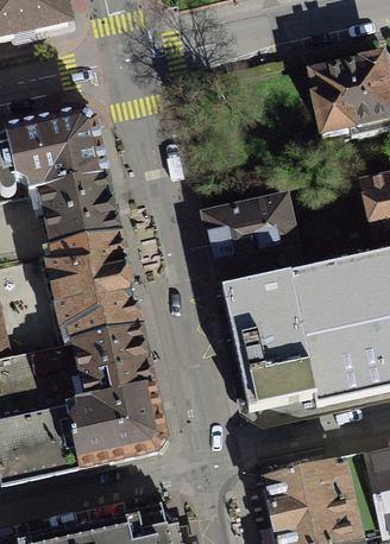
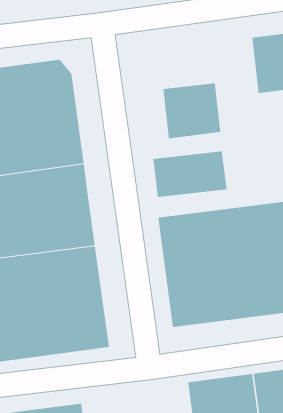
building: none -> [163,83,221,139]

